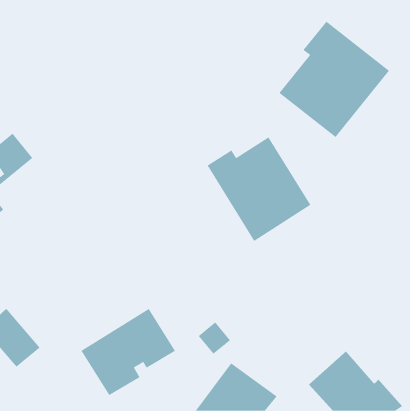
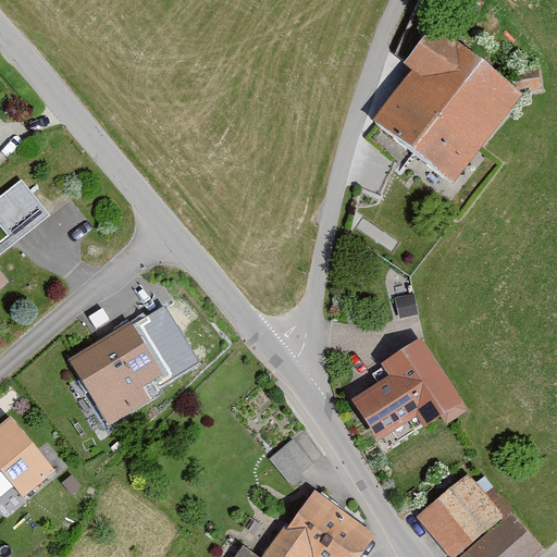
building: [207,136,311,242] -> none
building: none -> [350,337,459,438]
building: [81,308,176,396] -> [69,304,197,422]

